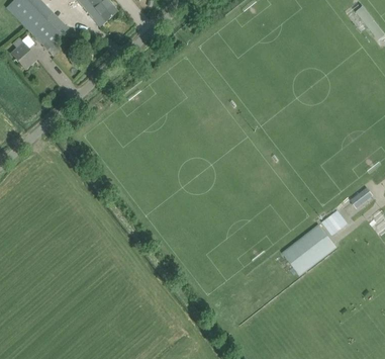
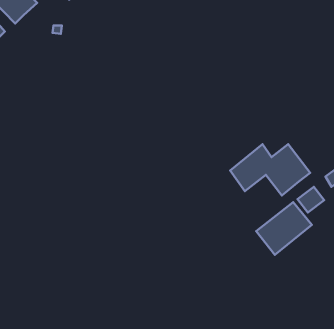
building: none -> [230,144,310,196]

